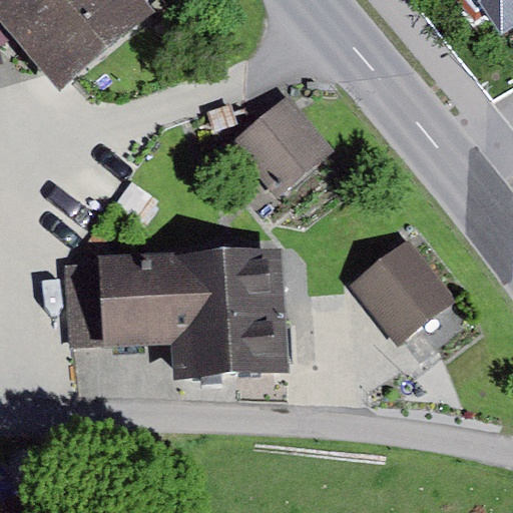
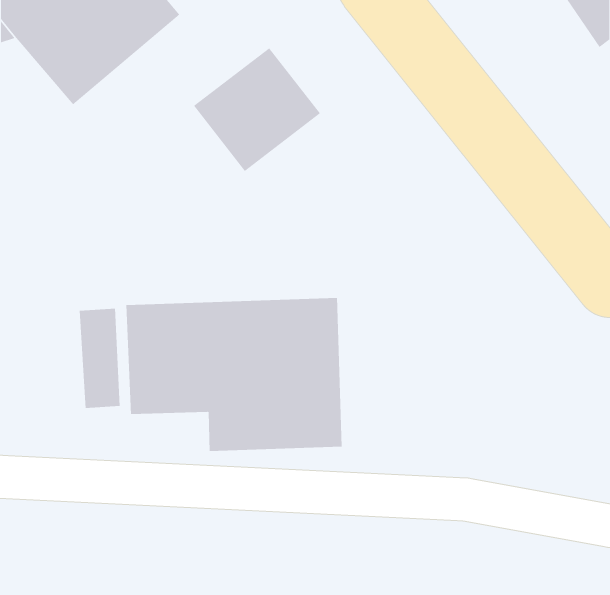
building: [227,92,335,196] -> [193,47,321,172]
building: [345,234,453,344] -> none

